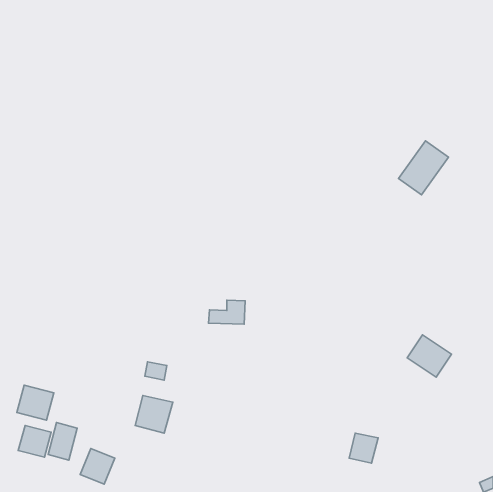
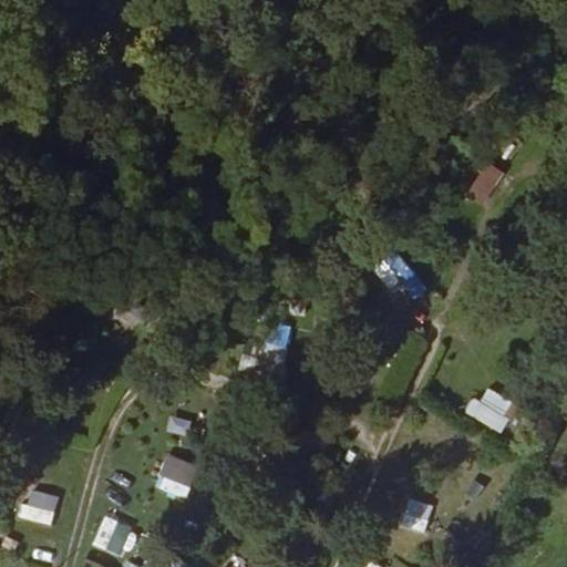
building: [17,385,54,420] -> none
building: [48,422,77,460] -> none

